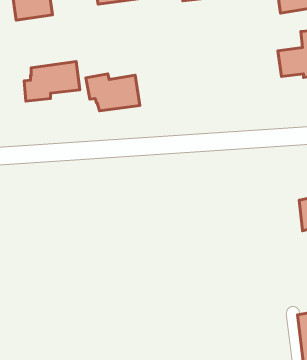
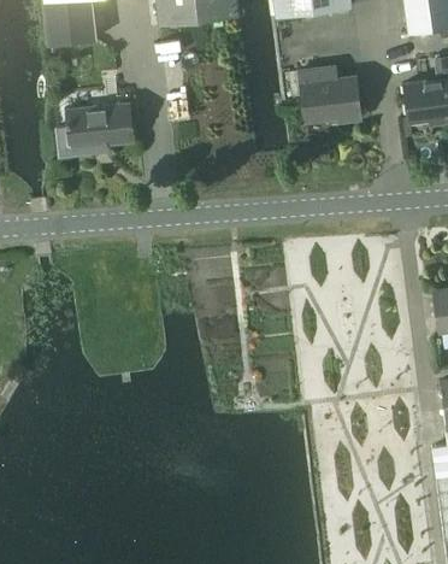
building: none -> [300,67,361,123]
building: [86,74,140,111] -> none

